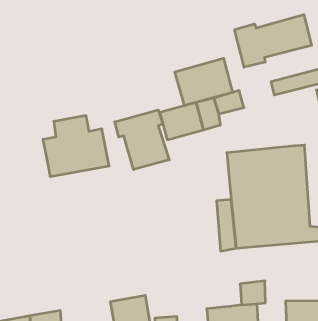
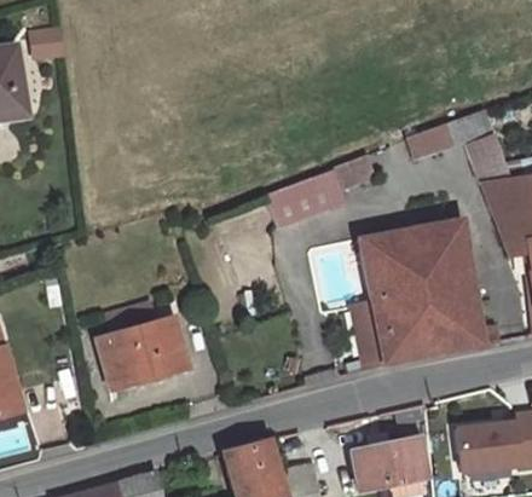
building: [235,15,312,67] -> none
building: [175,58,233,106] -> none
building: [115,110,169,170] -> none
building: [43,116,109,176] -> [97,302,189,388]

